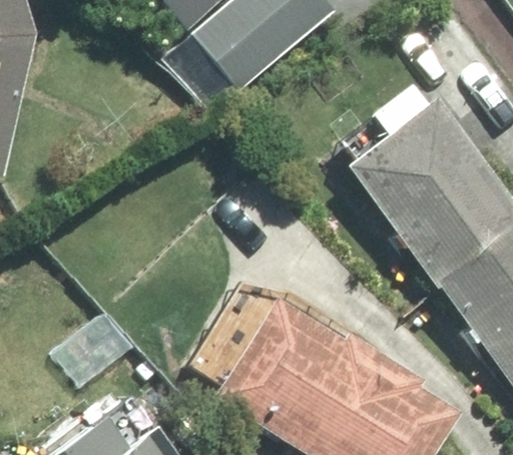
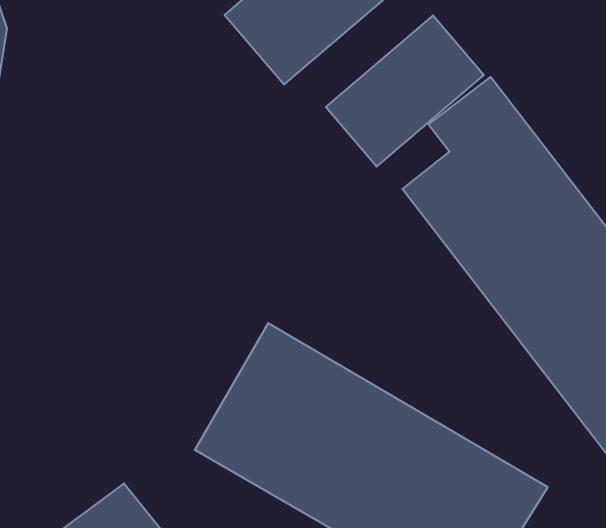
building: none -> [326,15,484,167]

